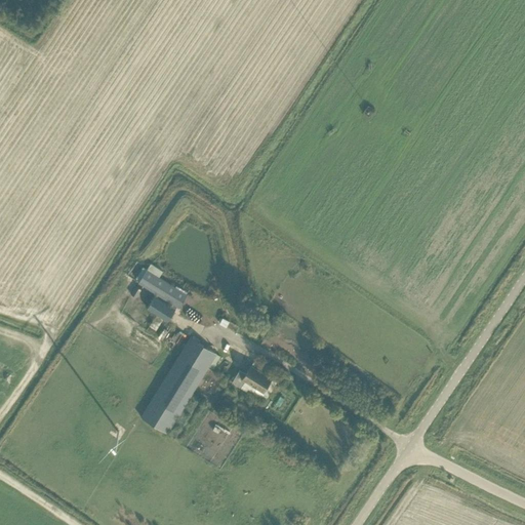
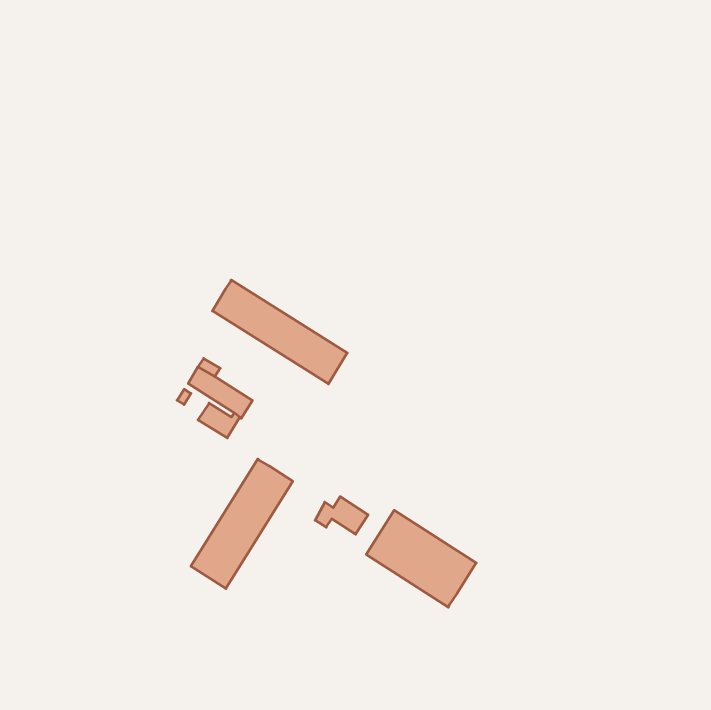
building: none -> [212,280,347,384]
building: none -> [366,510,476,607]

